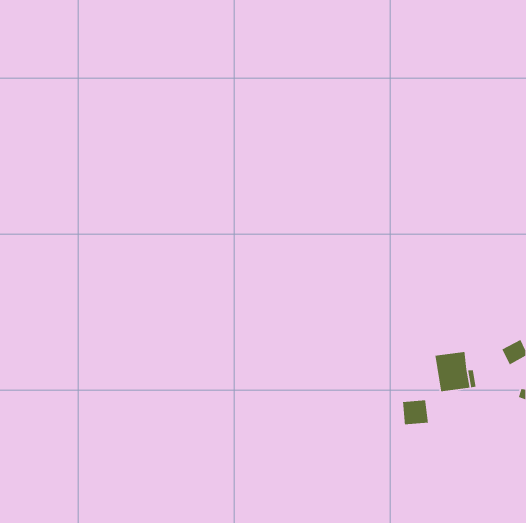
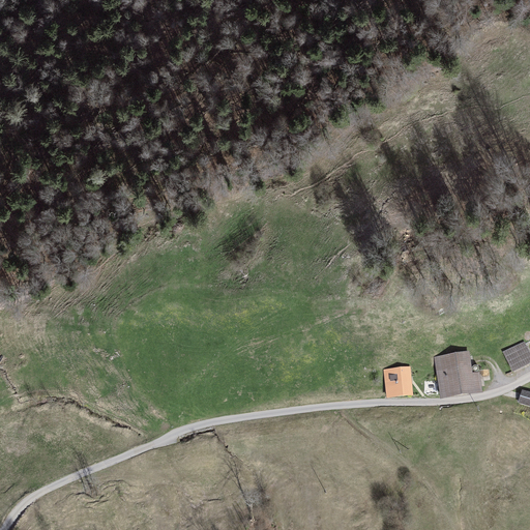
building: [402,399,429,425] -> [385,367,412,393]

